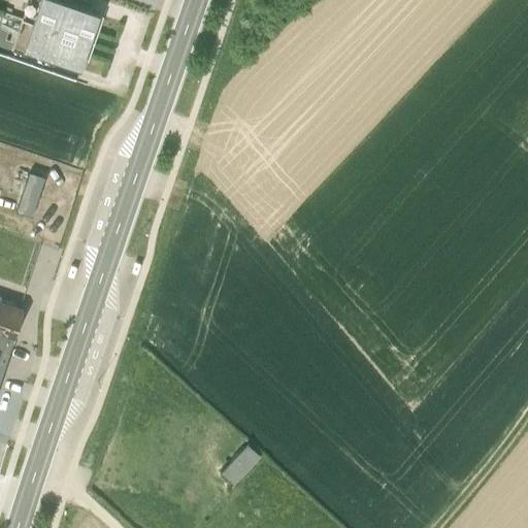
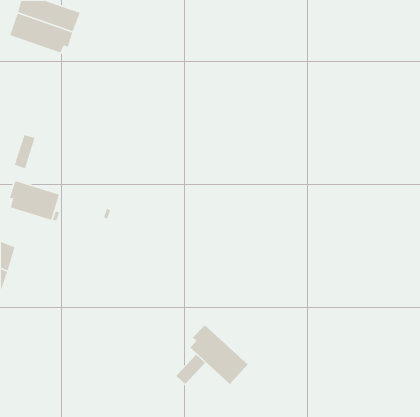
building: none -> [9,180,60,221]
building: none -> [190,324,248,385]

